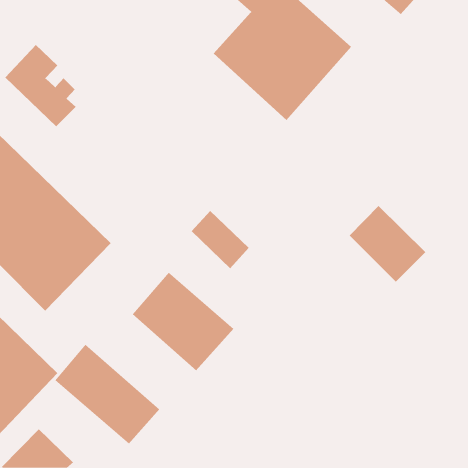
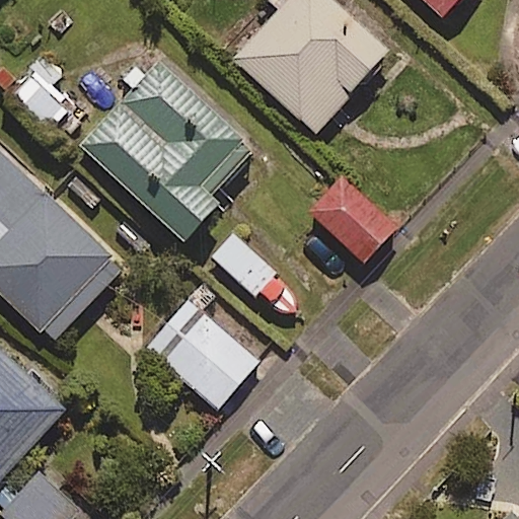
building: none -> [81,60,254,243]
building: [349,205,426,283] -> [310,178,395,264]
building: [55,344,160,445] -> none

